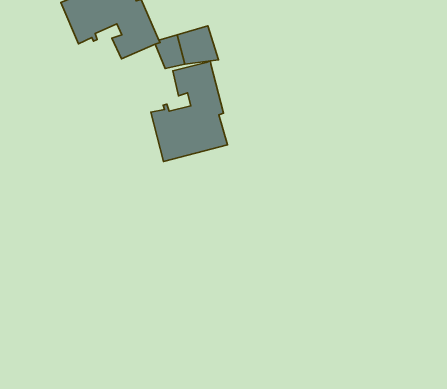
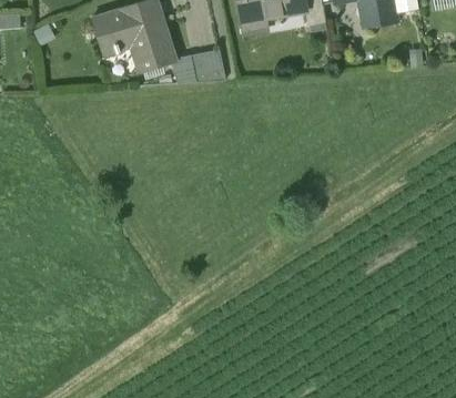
building: [151,61,227,161] -> none

